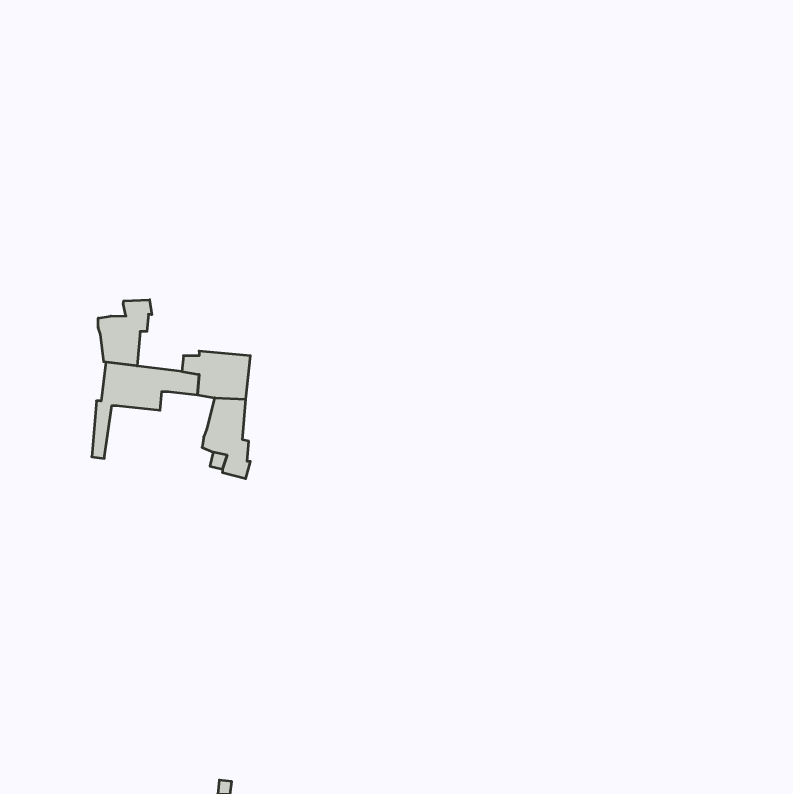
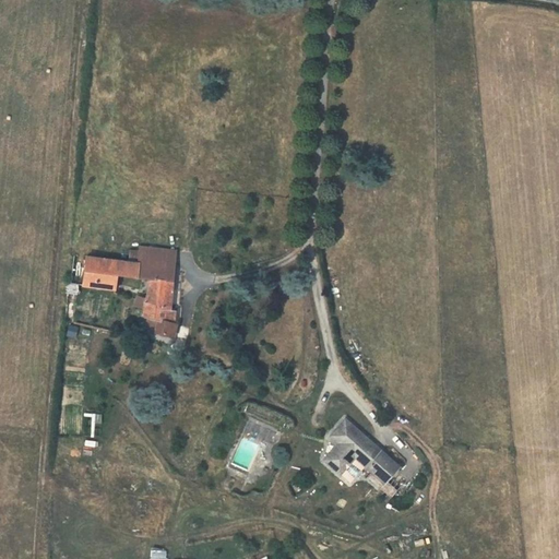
building: [98,300,152,366] -> none
building: none -> [325,420,400,498]

